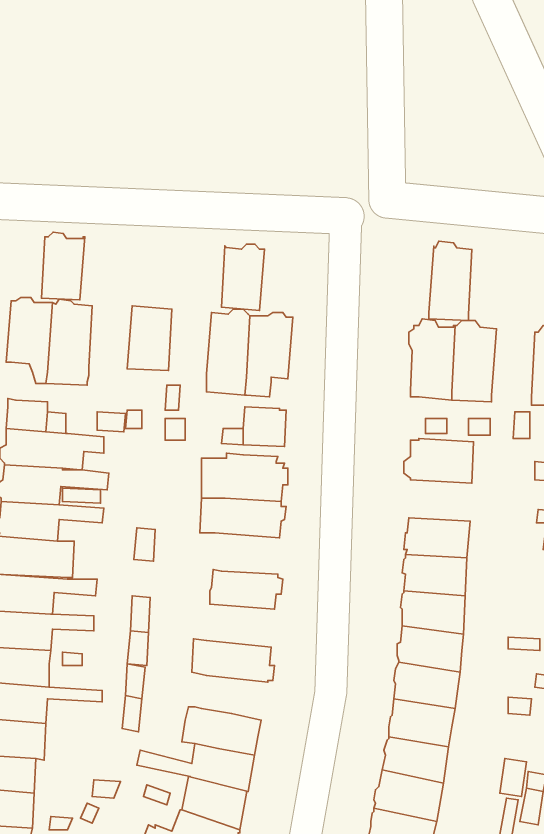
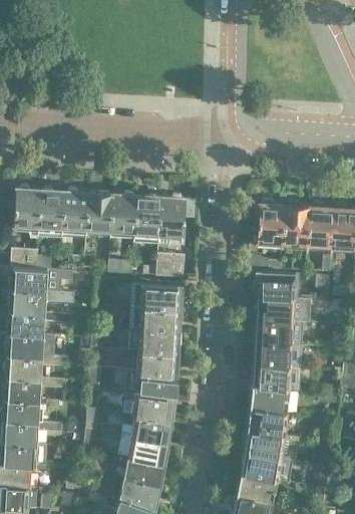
building: [42,232,85,300] -> [63,190,89,231]
building: [429,241,472,321] -> [307,204,333,252]
building: [222,244,265,310] -> [111,194,137,234]
building: none -> [255,298,295,323]
building: none -> [128,330,182,355]
building: none -> [126,372,179,400]
building: none -> [123,415,171,444]

